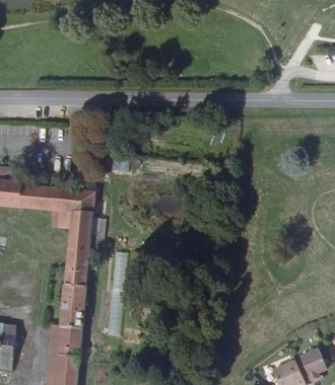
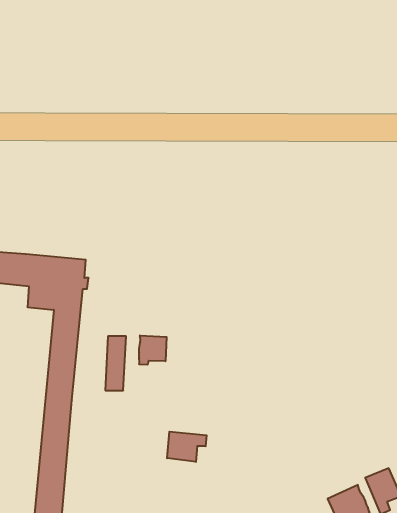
building: none -> [139,335,167,365]
building: none -> [167,432,207,462]

